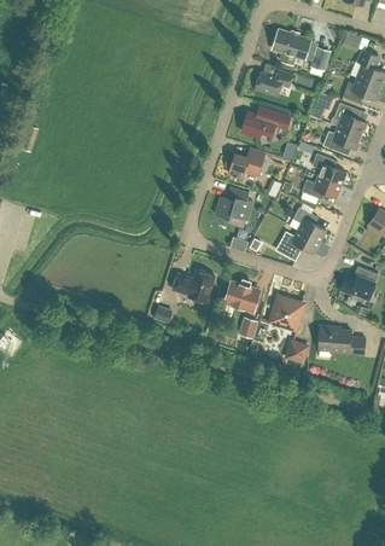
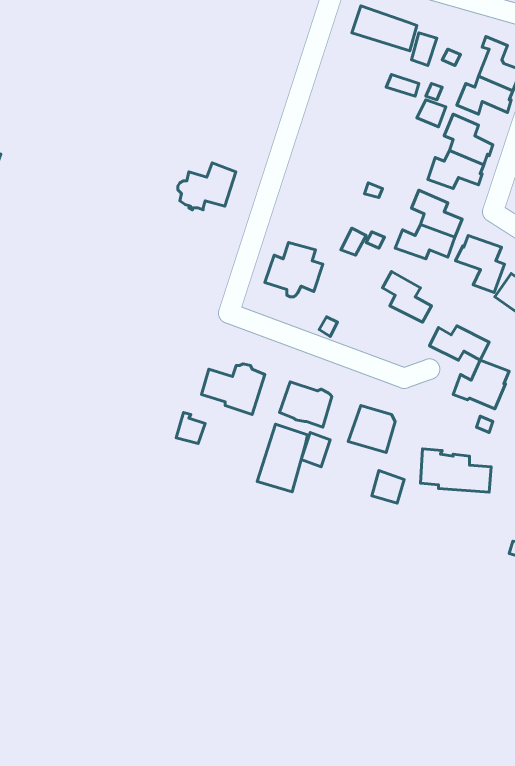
building: [256,69,293,93] -> none
building: [241,108,291,140] -> none
building: [227,146,266,178] -> [178,163,236,210]
building: none -> [456,235,505,292]
building: [280,230,320,252] -> [430,326,489,360]
building: none -> [257,424,307,492]

